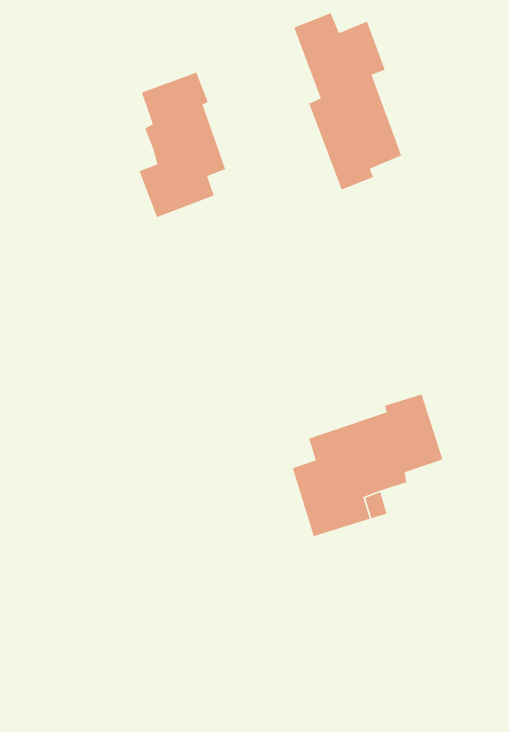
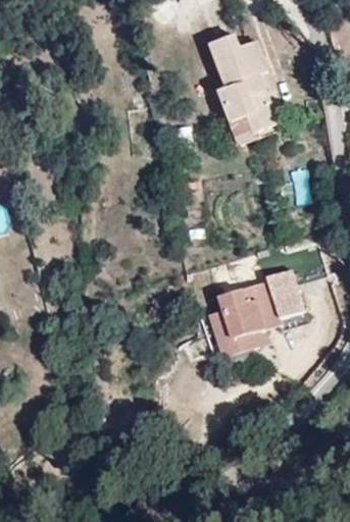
building: [138,72,226,218] -> none

